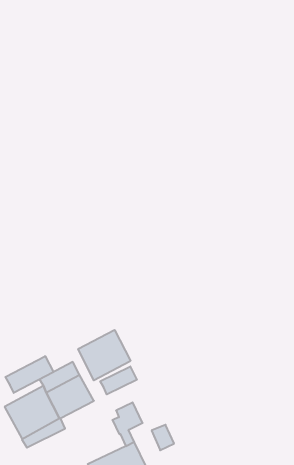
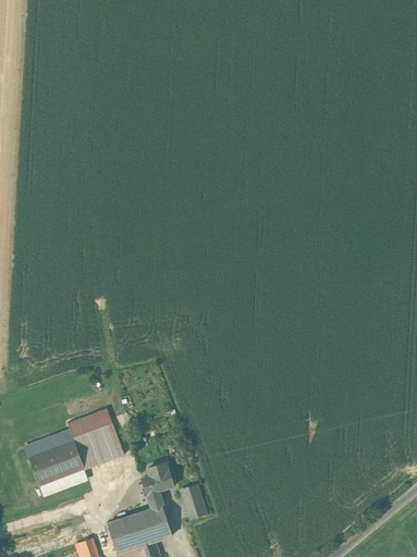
building: [78,330,131,380] -> none
building: [5,356,53,393] -> none
building: [100,366,137,394] -> none

